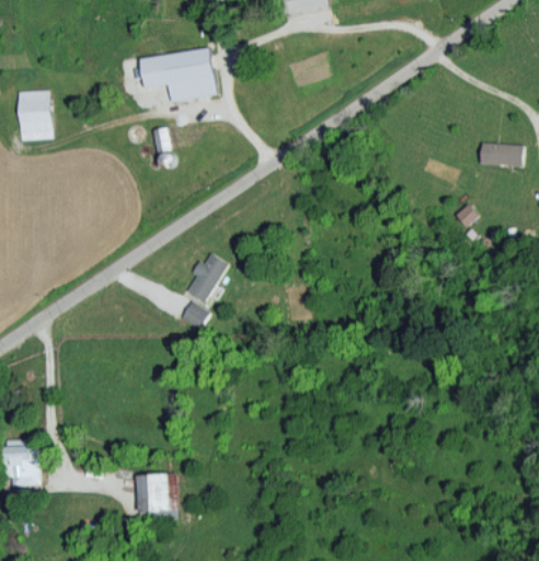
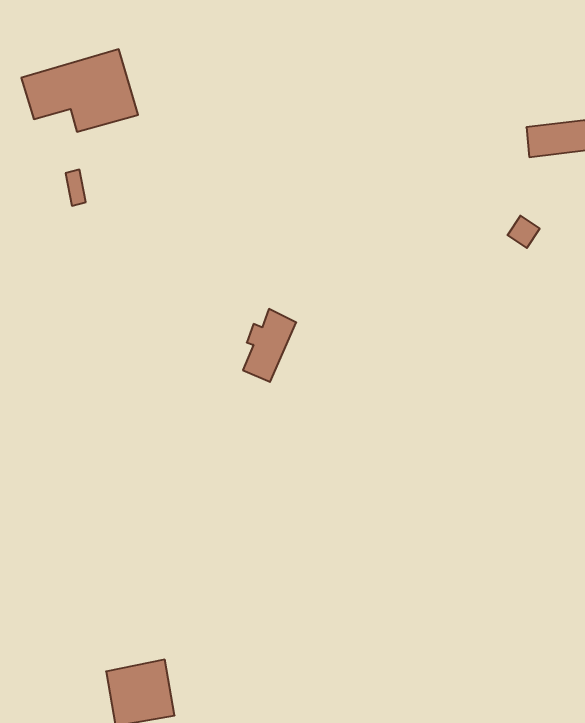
building: [187,252,229,302] -> [243,309,296,382]
building: [182,300,210,329] -> none

